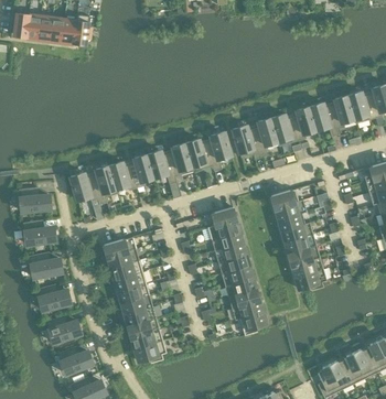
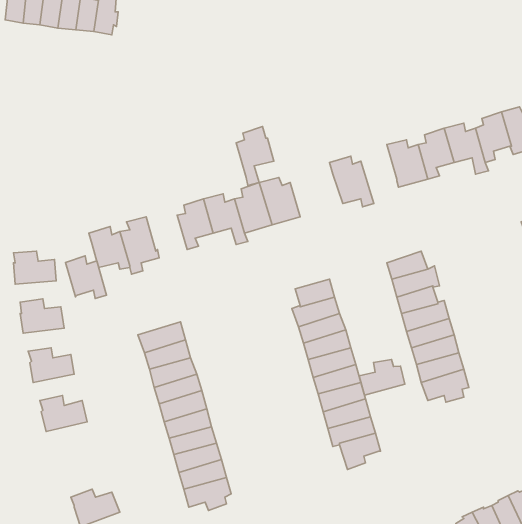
building: [254,118,278,158] -> none
building: [206,132,232,172] -> [236,127,274,186]
building: [109,162,137,191] -> [66,256,107,298]
building: none -> [359,360,405,395]
building: [47,319,79,343] -> none

